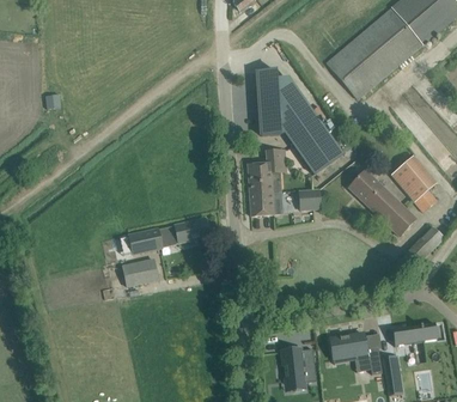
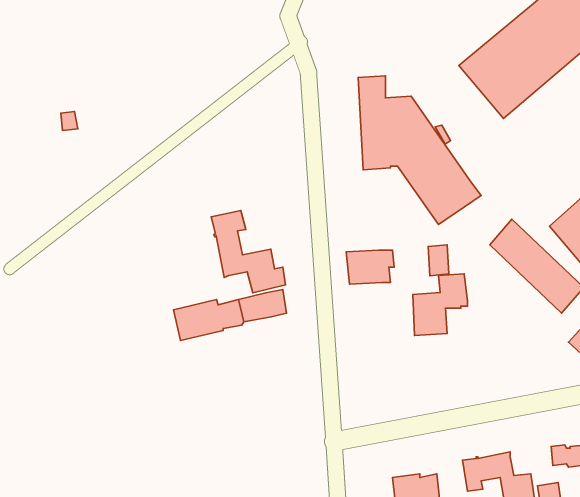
building: [248,150,286,193] -> [413,274,468,335]
building: none -> [211,211,286,293]
building: [122,260,158,286] -> none

